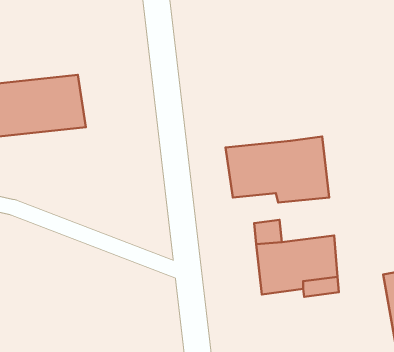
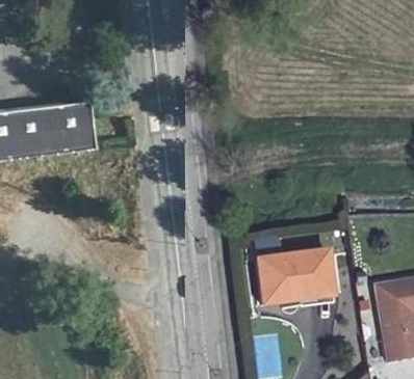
building: [226,136,329,202] -> none

